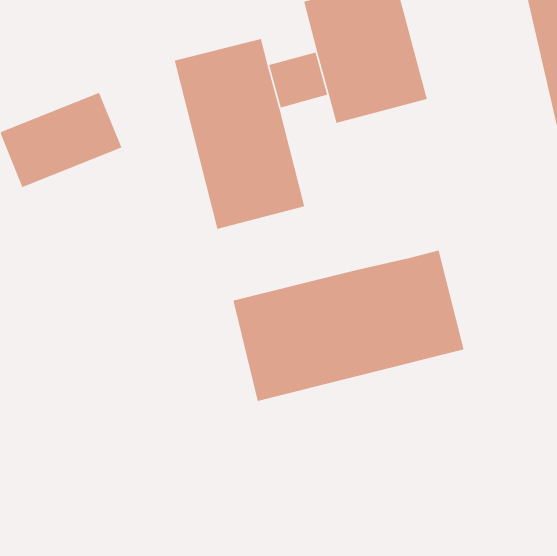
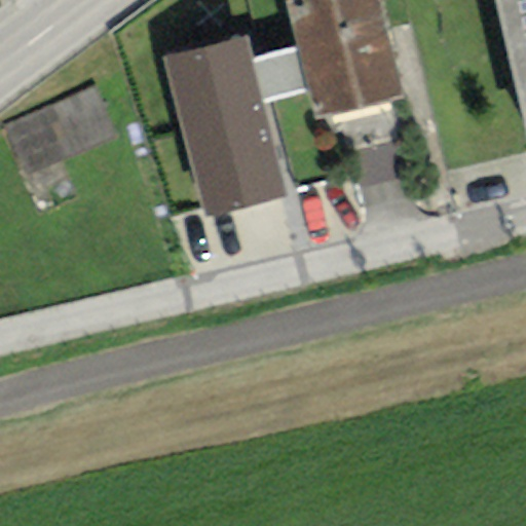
building: [232,250,465,402] -> none

